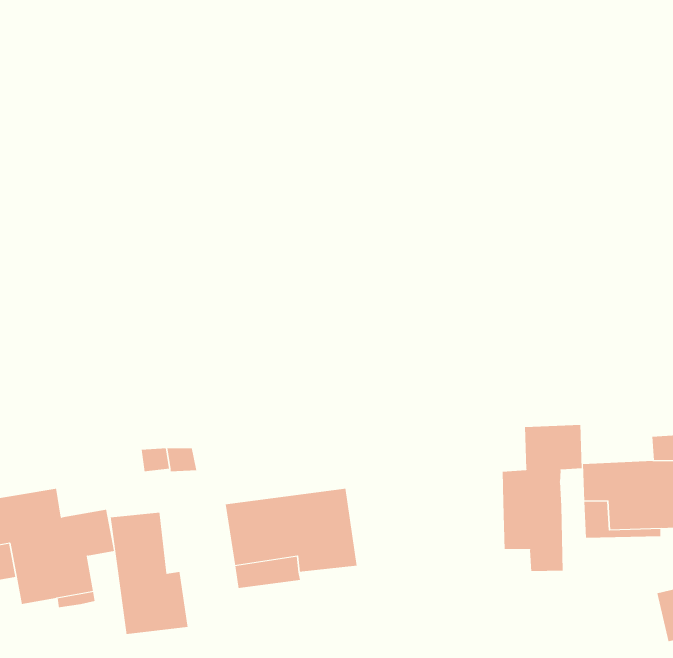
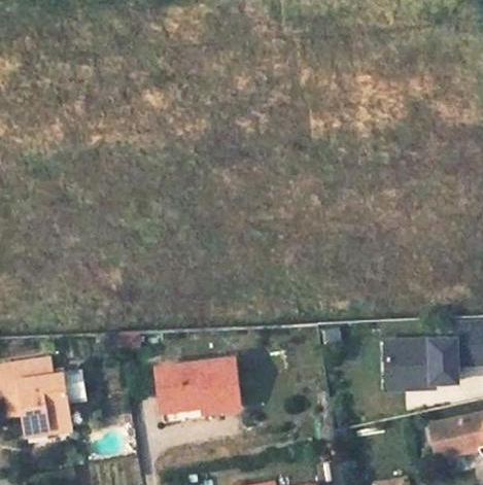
building: [502,424,582,572] -> none
building: [110,512,188,635] -> none

